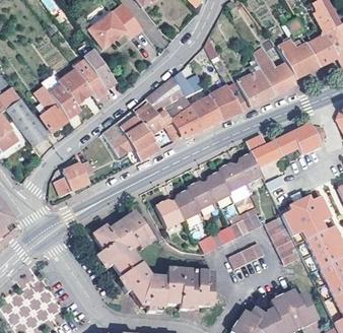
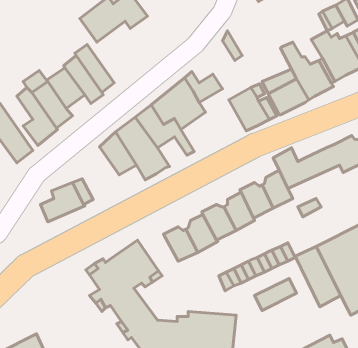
building: [169,94,223,137] -> none

